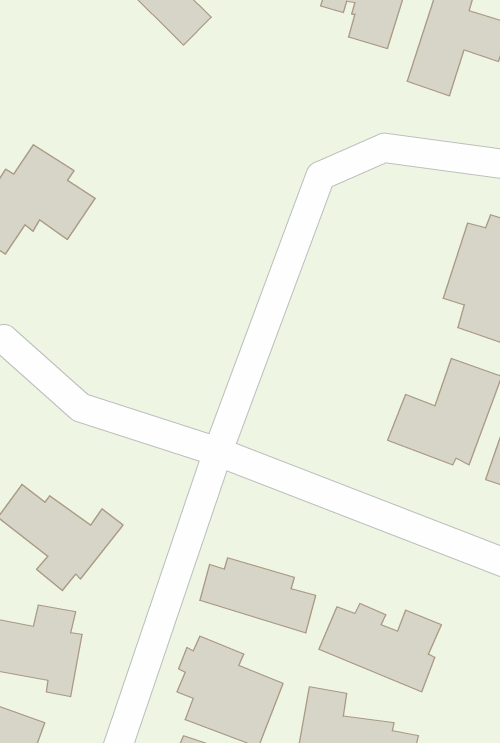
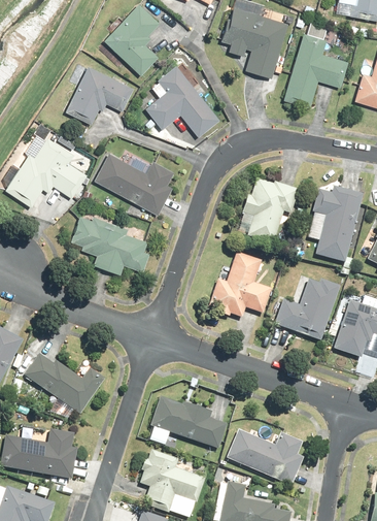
building: none -> [144,65,218,136]
building: none -> [65,66,134,125]
building: none -> [94,151,173,214]
building: none -> [235,178,298,245]
building: none -> [72,213,149,273]
building: none -> [209,251,272,318]

